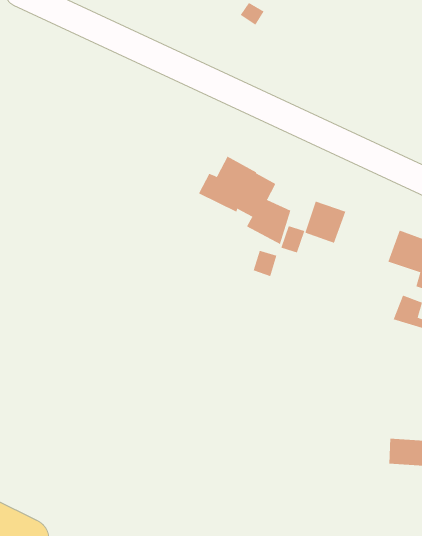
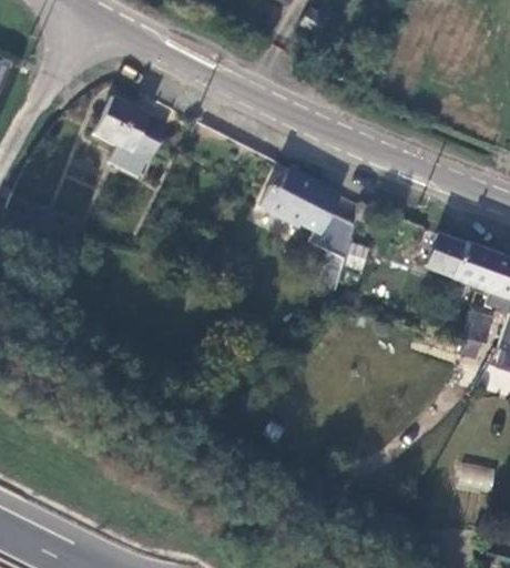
building: none -> [94,95,167,172]
building: [304,201,346,243] -> [424,233,467,277]

